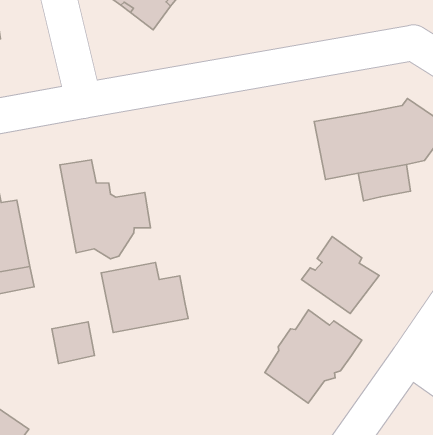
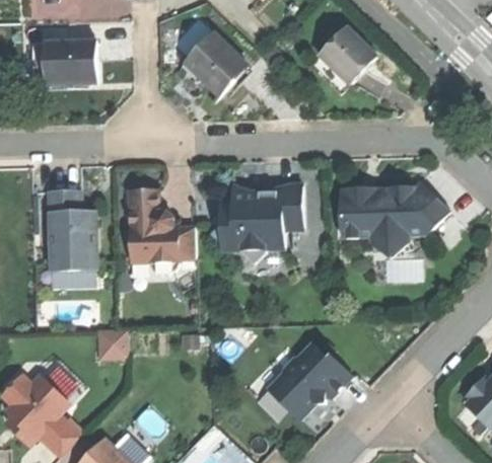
building: none -> [212,182,303,261]
building: [302,236,379,313] -> none
building: [101,262,188,332] -> none

